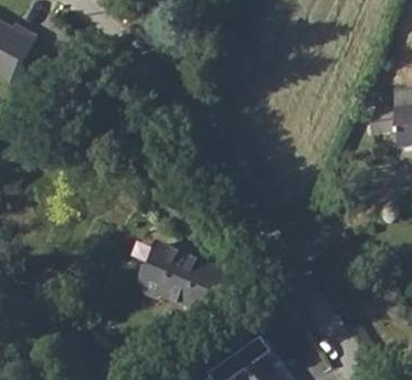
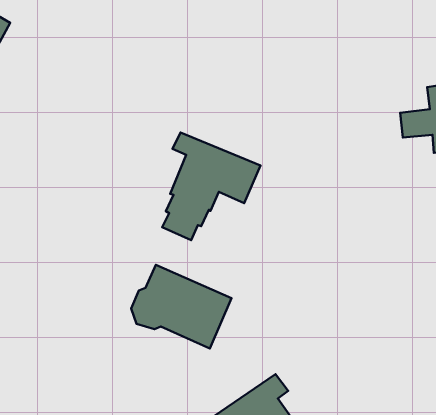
building: none -> [162,133,261,240]

